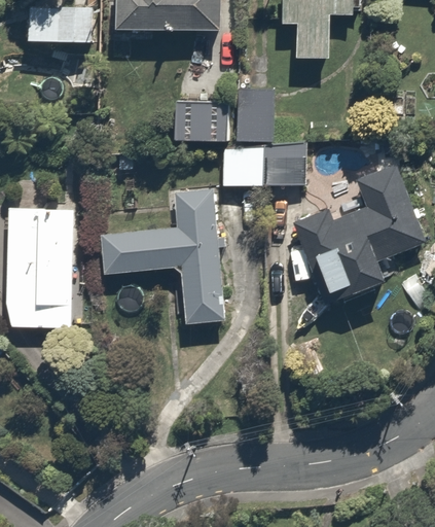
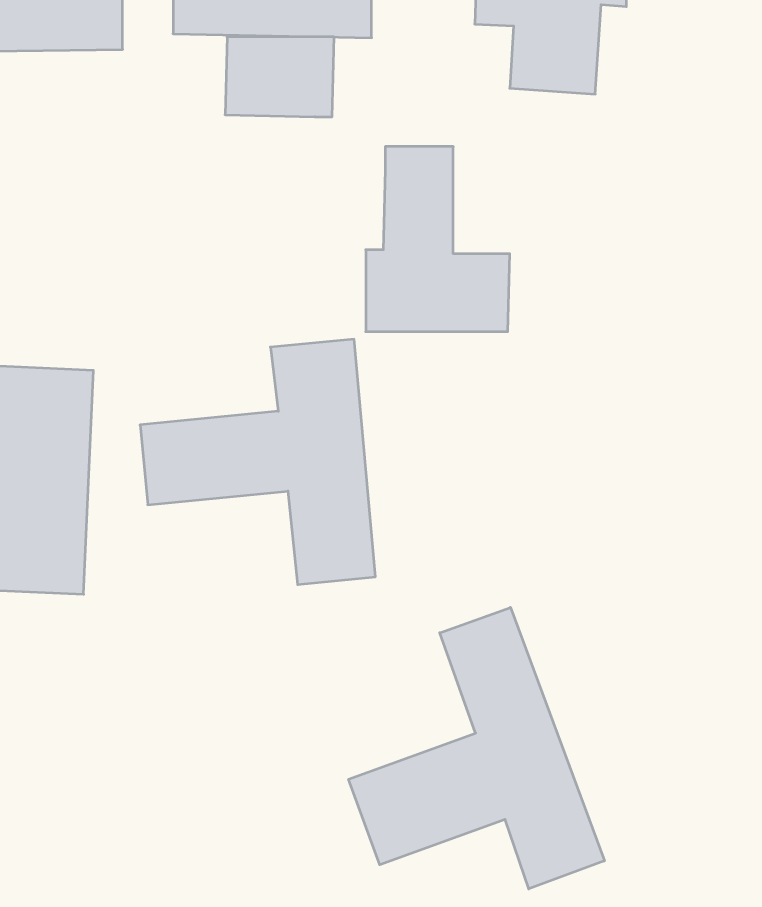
building: [174,101,231,143] -> [225,37,334,117]
building: [291,162,424,308] -> none
building: none -> [349,607,604,889]

